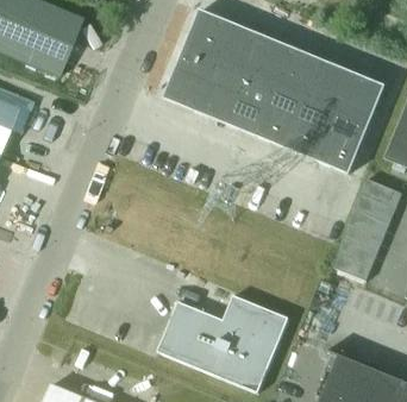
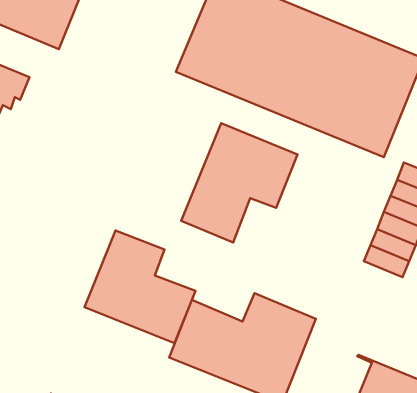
building: none -> [181,123,297,242]
building: none -> [84,231,196,343]

